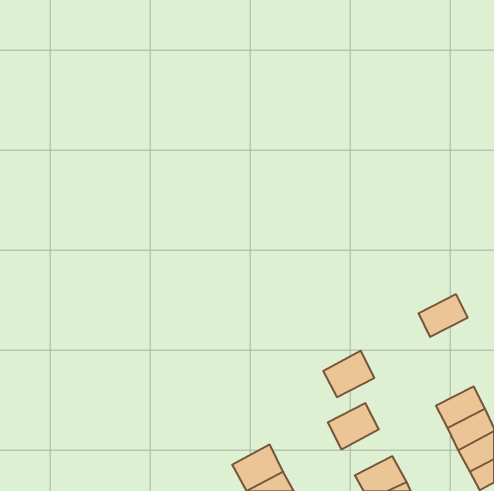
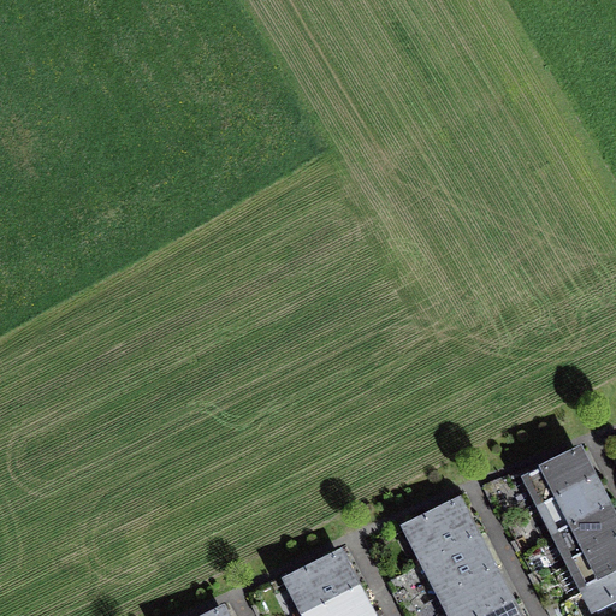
building: [418,294,468,337] -> [528,452,590,505]
building: [323,351,374,397] -> [425,534,488,592]

